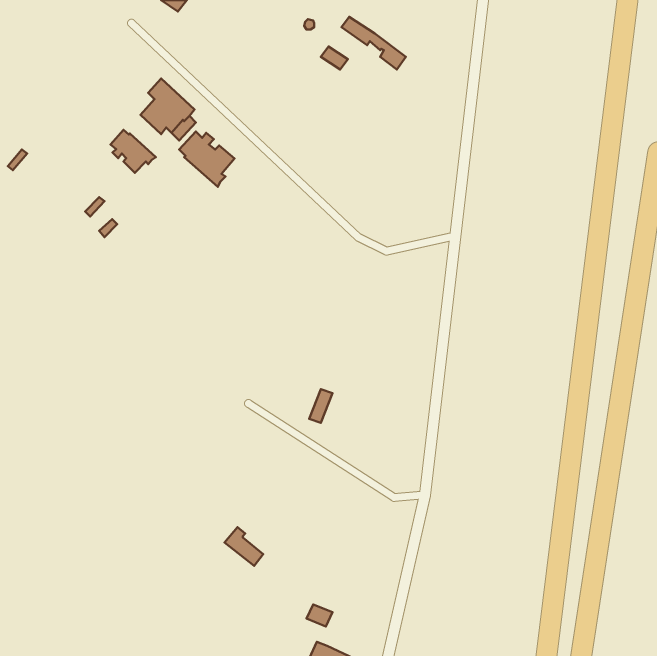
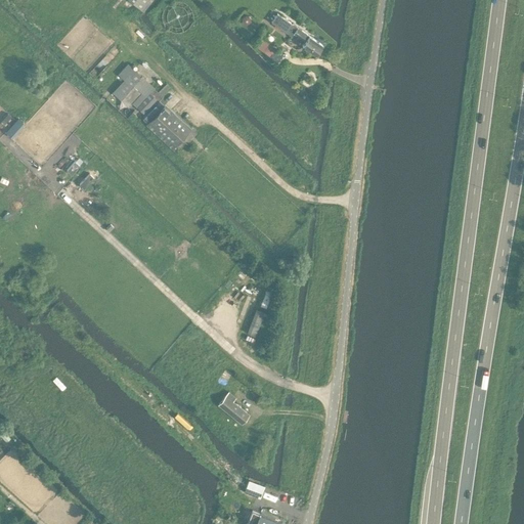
building: [111,130,156,173] -> none
building: [225,527,263,566] -> [219,394,250,425]

